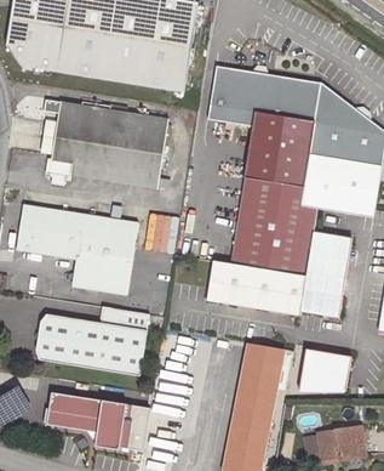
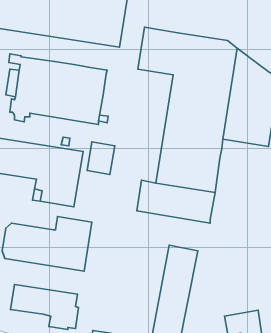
building: [299,232,350,316] -> none
building: [298,347,351,390] -> none

